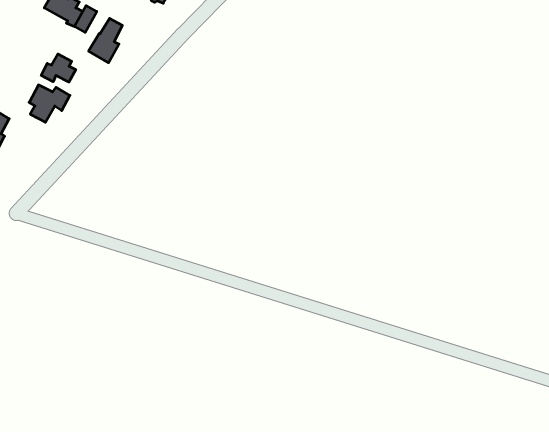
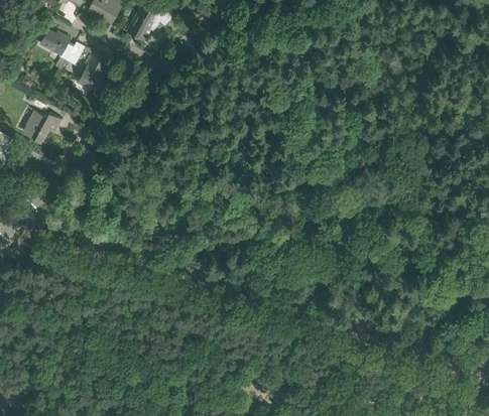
building: [41,54,76,82] -> none

